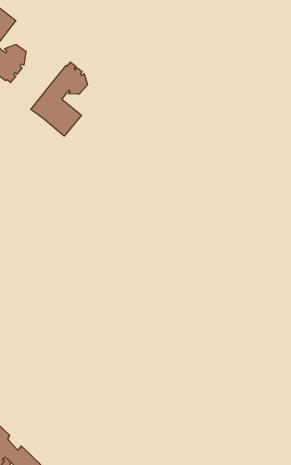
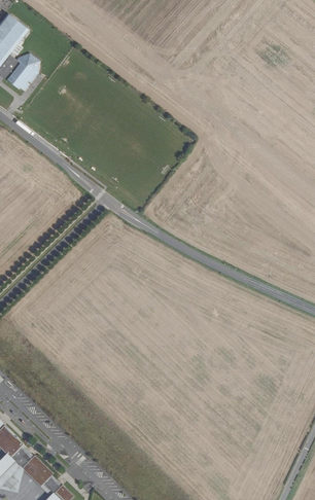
building: [31,62,87,136] -> none

